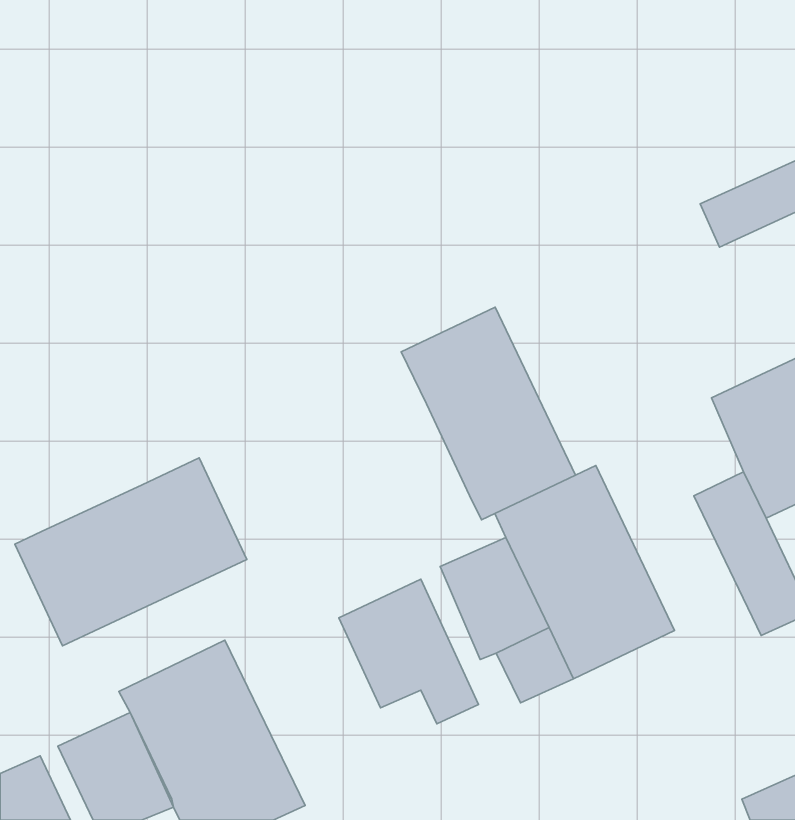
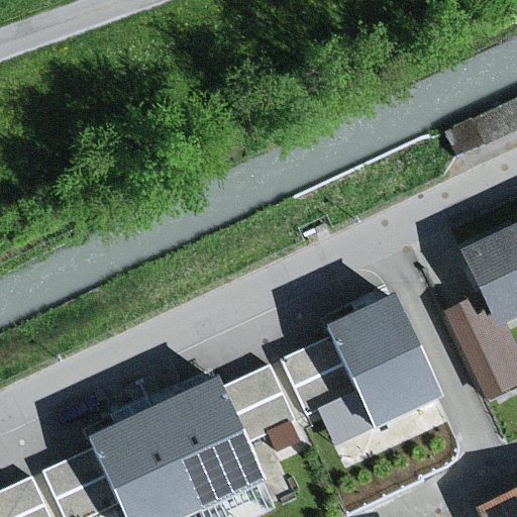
building: [401,307,575,520] -> none
building: [15,458,247,646] -> none
building: none -> [158,373,271,507]

